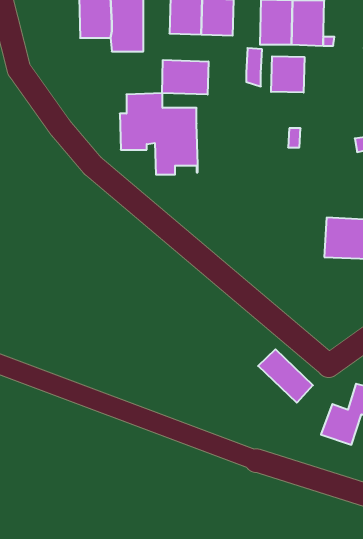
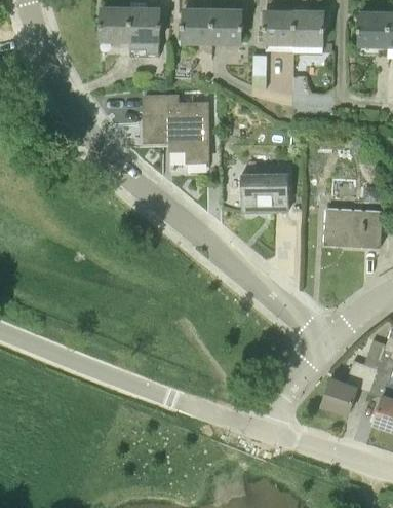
building: [271,56,304,93] -> none
building: [162,60,208,95] -> none
building: none -> [240,174,288,212]
building: [258,349,313,403] -> none

